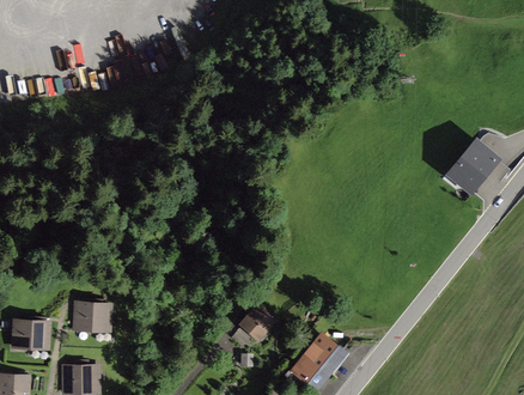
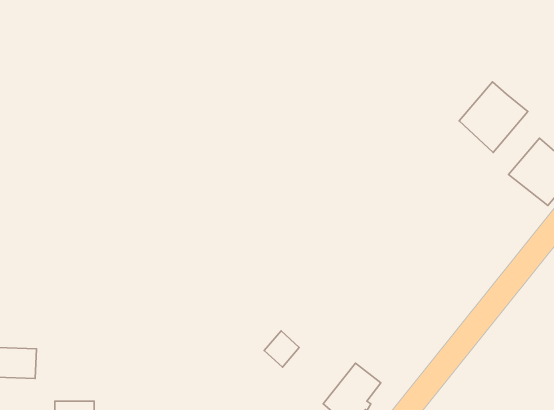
building: none -> [459,82,528,152]
building: [73,302,109,329] -> none

